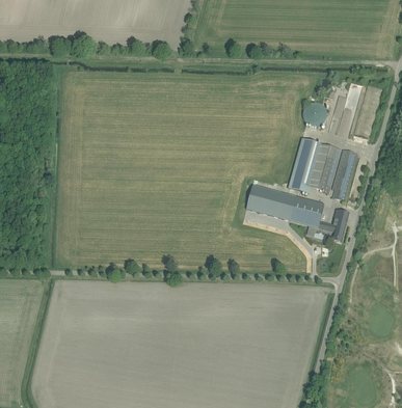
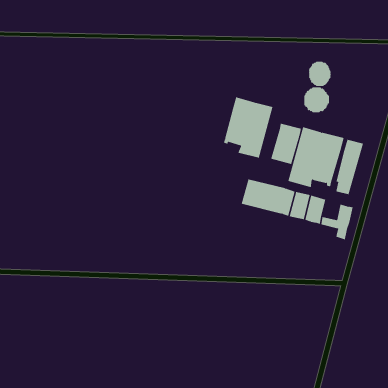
building: none -> [309,61,331,87]
building: none -> [223,96,273,159]
building: none -> [271,123,301,165]

